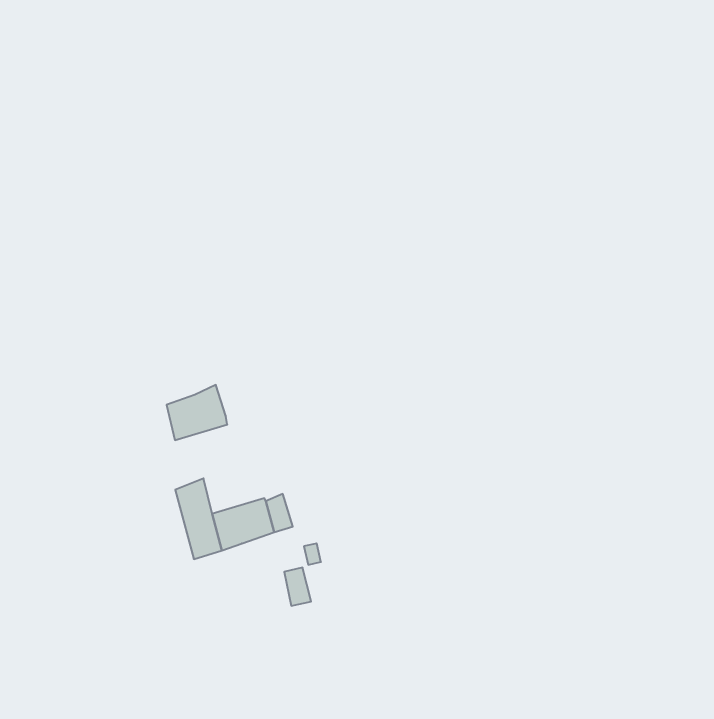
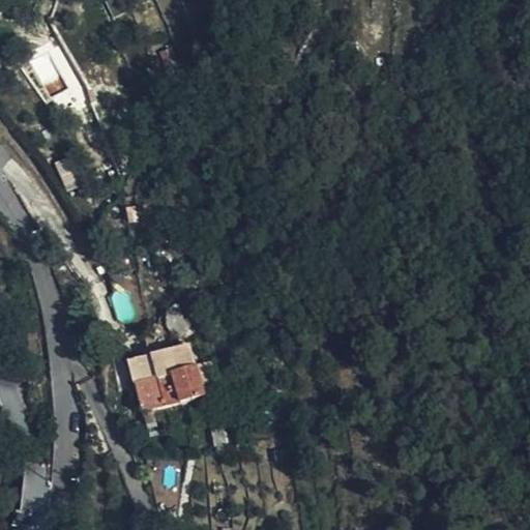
building: [167,385,227,440] -> [149,338,194,379]

